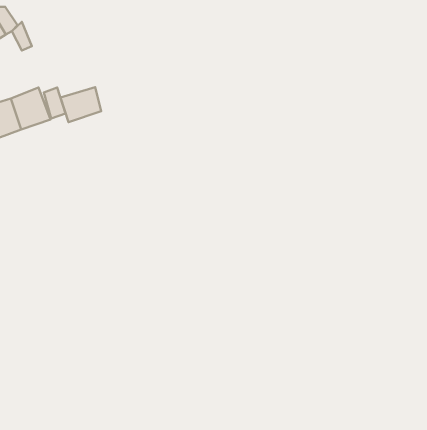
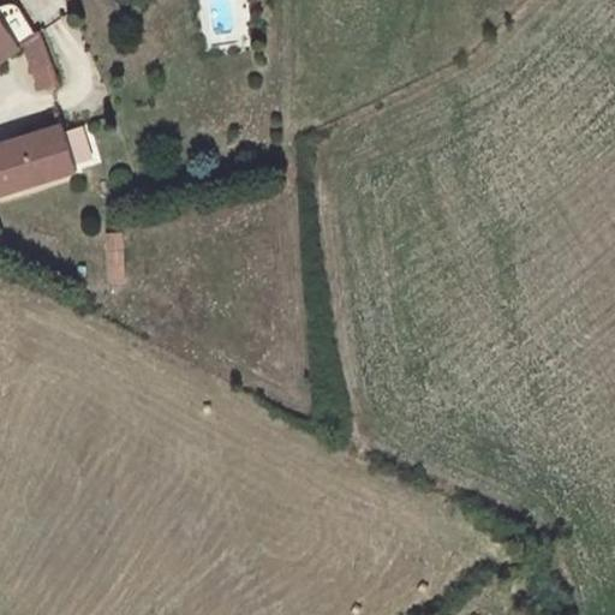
building: [60,87,101,122] -> none

